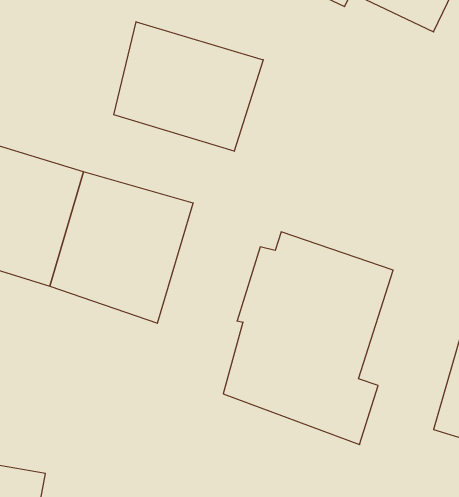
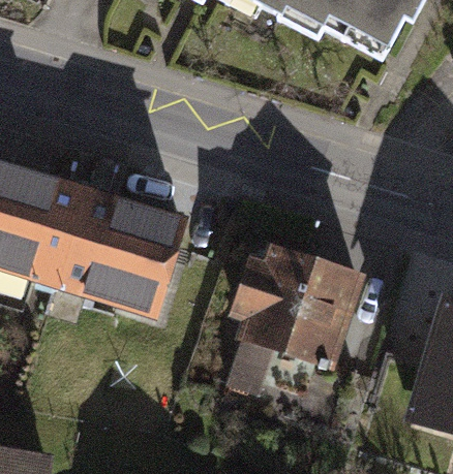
building: [114,22,263,151] -> none

